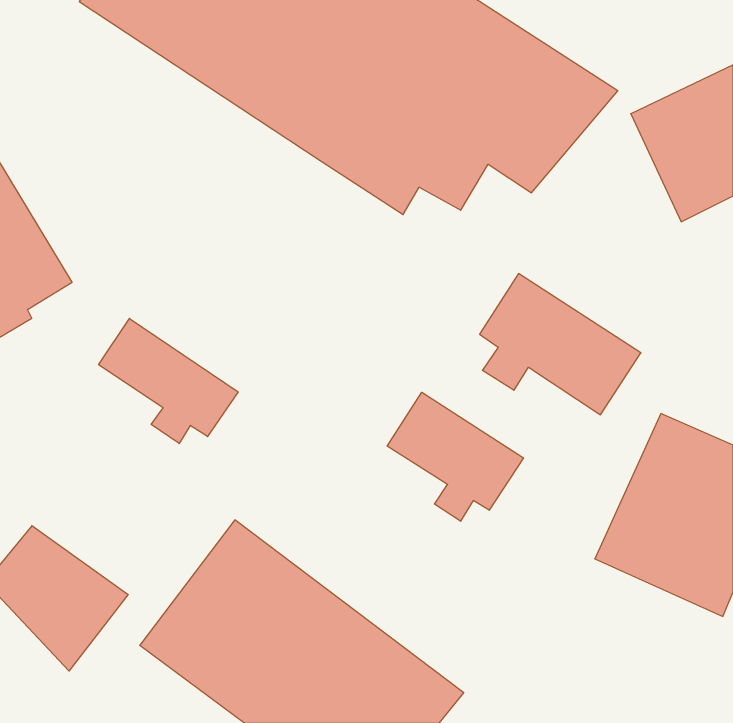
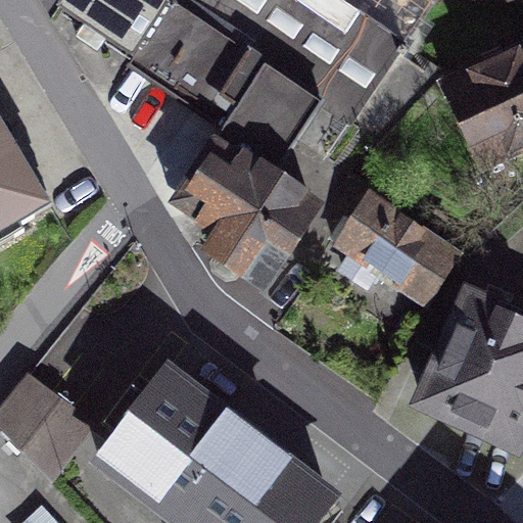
building: none -> [173,114,313,280]
building: [99,318,238,444] -> none
building: [387,392,523,521] -> none

